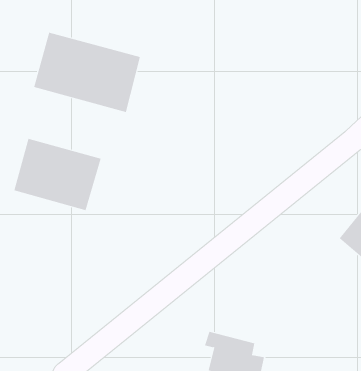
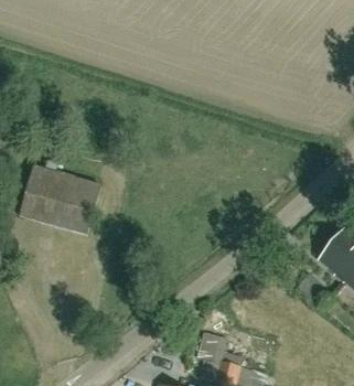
building: [34,32,140,113] -> none

